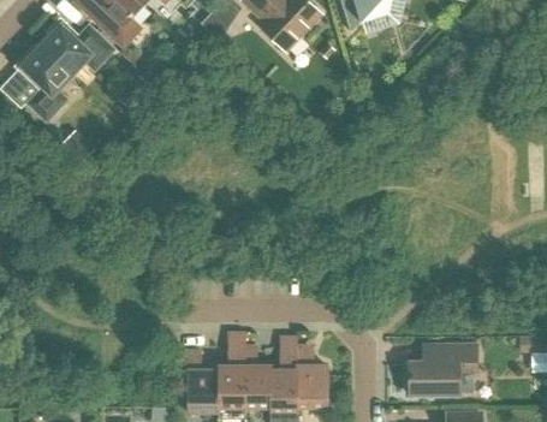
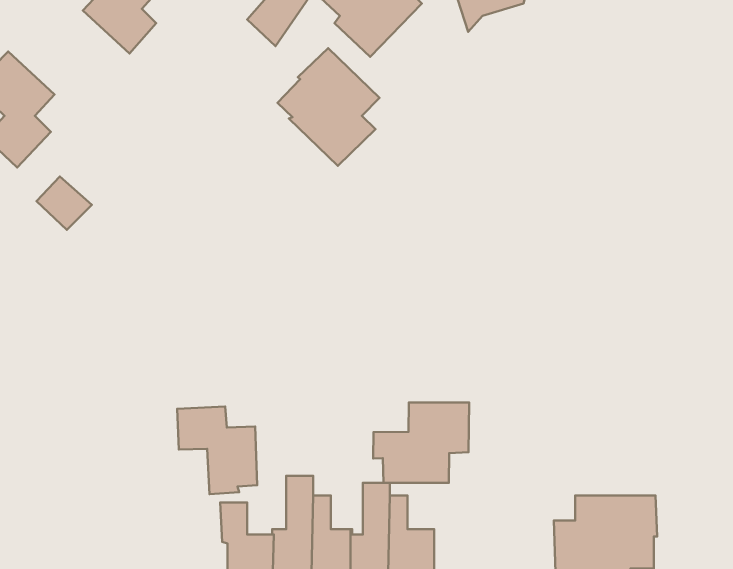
building: [40,16,115,73] -> none
building: none -> [278,48,379,166]
building: none -> [373,402,469,483]
building: none -> [177,406,257,494]

